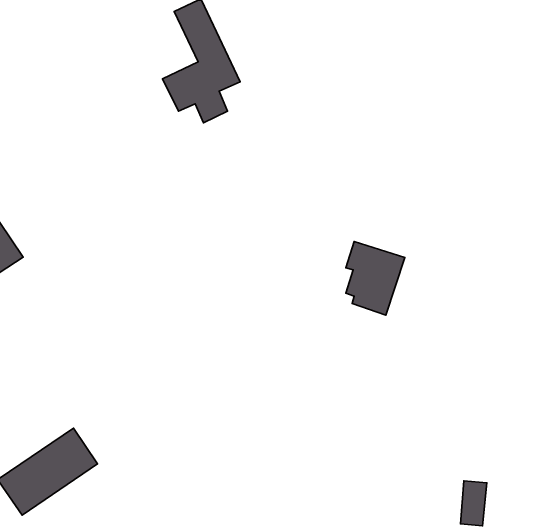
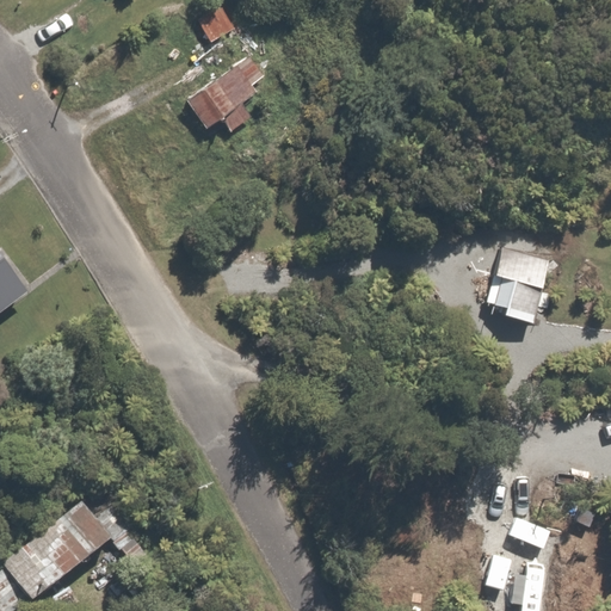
building: [346,242,405,315] -> [490,249,557,333]

